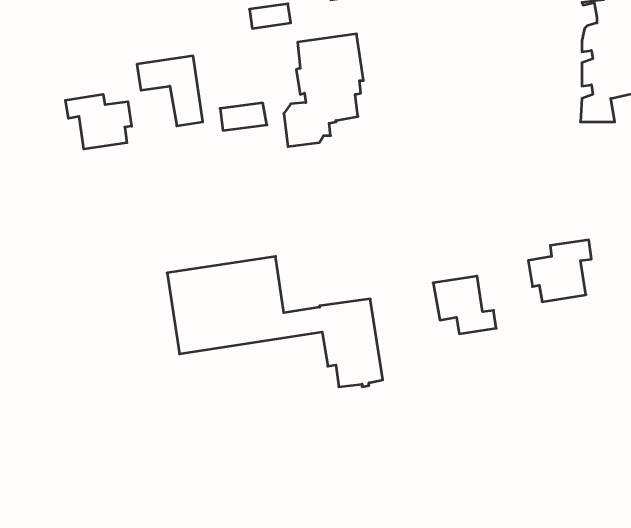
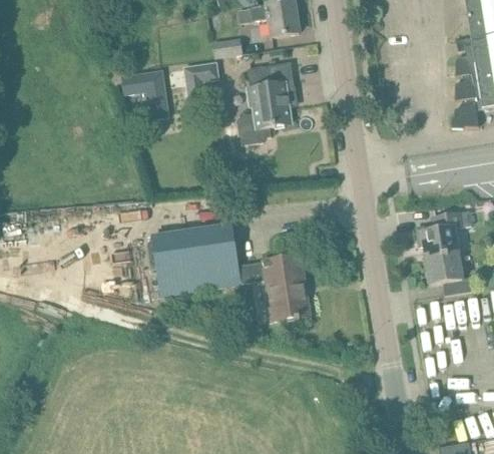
building: [65,94,132,149] -> none
building: [220,103,267,130] -> [184,62,218,82]
building: [433,276,496,334] -> [426,252,472,294]

